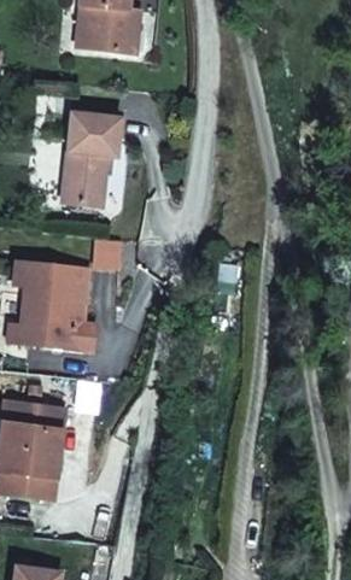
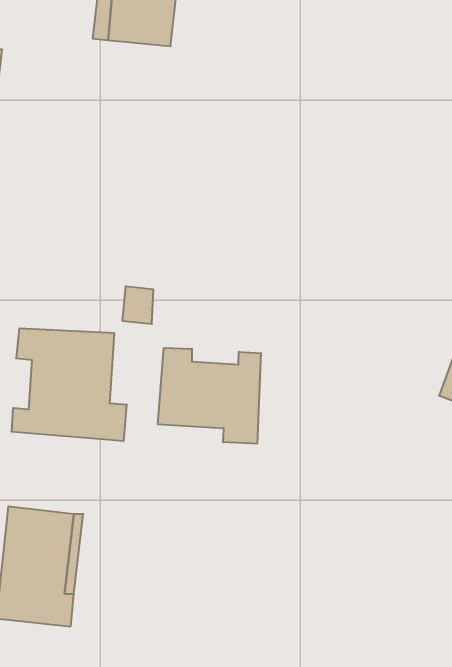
building: [59,106,118,204] -> none
building: none -> [158,348,261,444]

